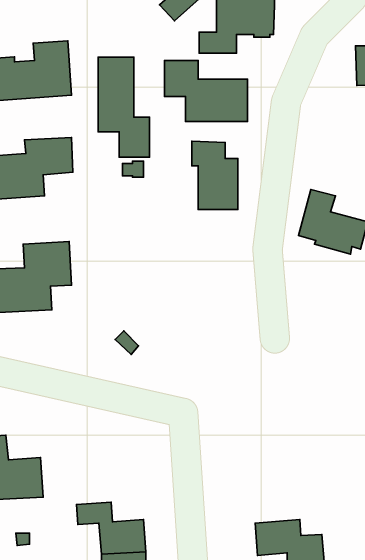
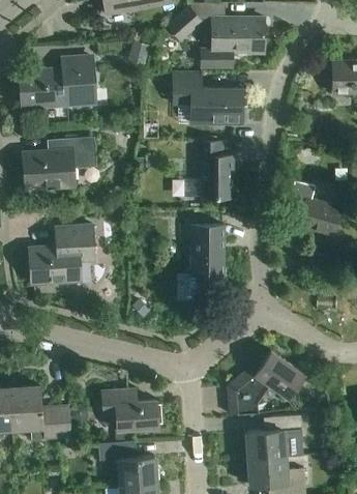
building: [98,57,150,157] -> none
building: none -> [180,226,224,290]
building: none -> [227,351,304,415]
building: none -> [101,389,157,431]
building: none -> [245,416,301,460]

